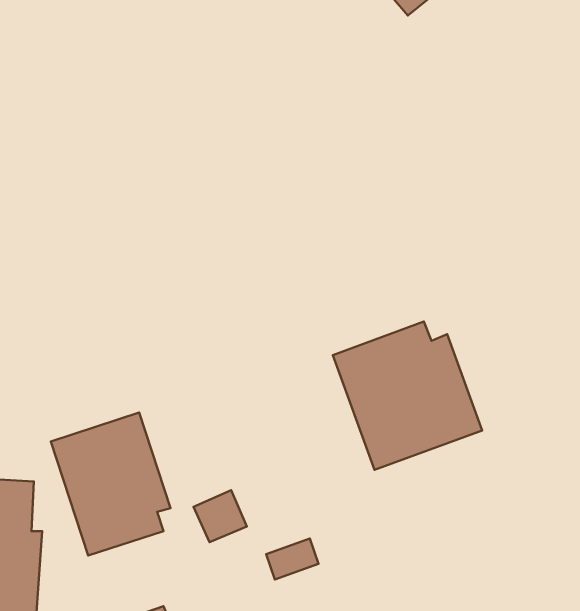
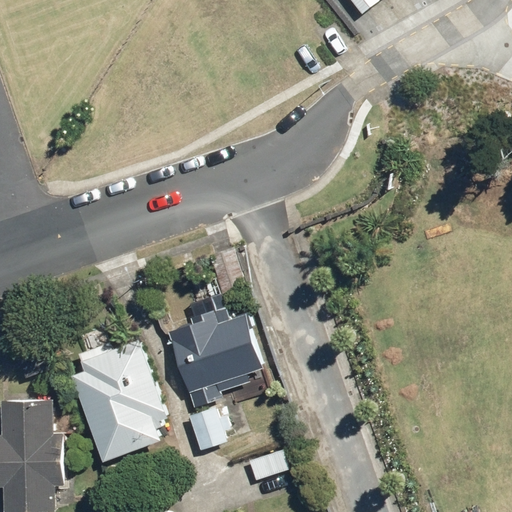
building: [333,321,482,470] -> none
building: none -> [167,294,267,408]

